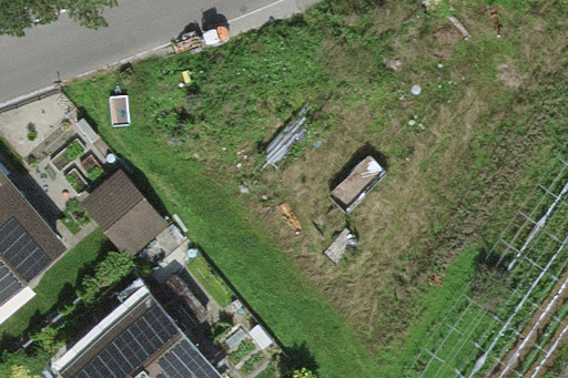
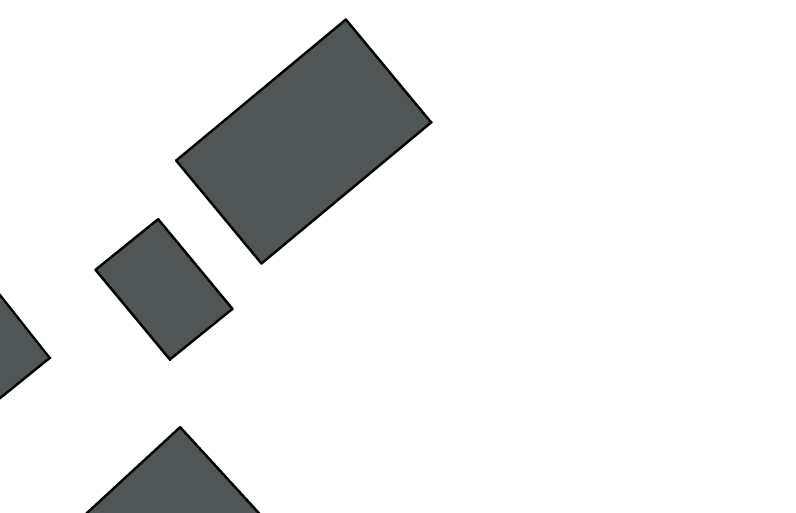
building: none -> [176,20,431,263]

